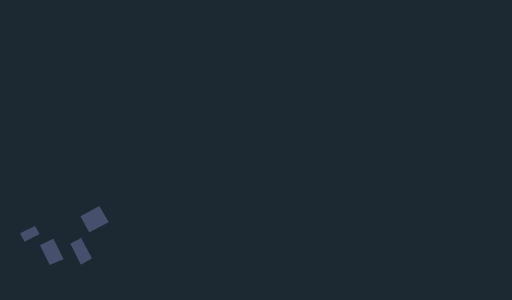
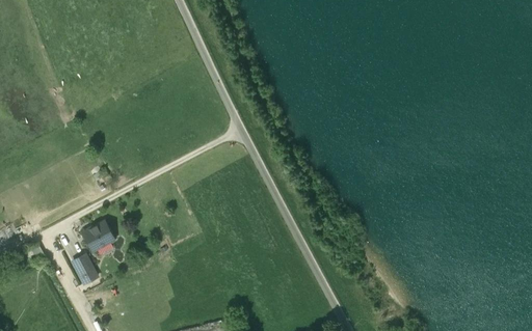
building: [39,238,65,266] -> none

